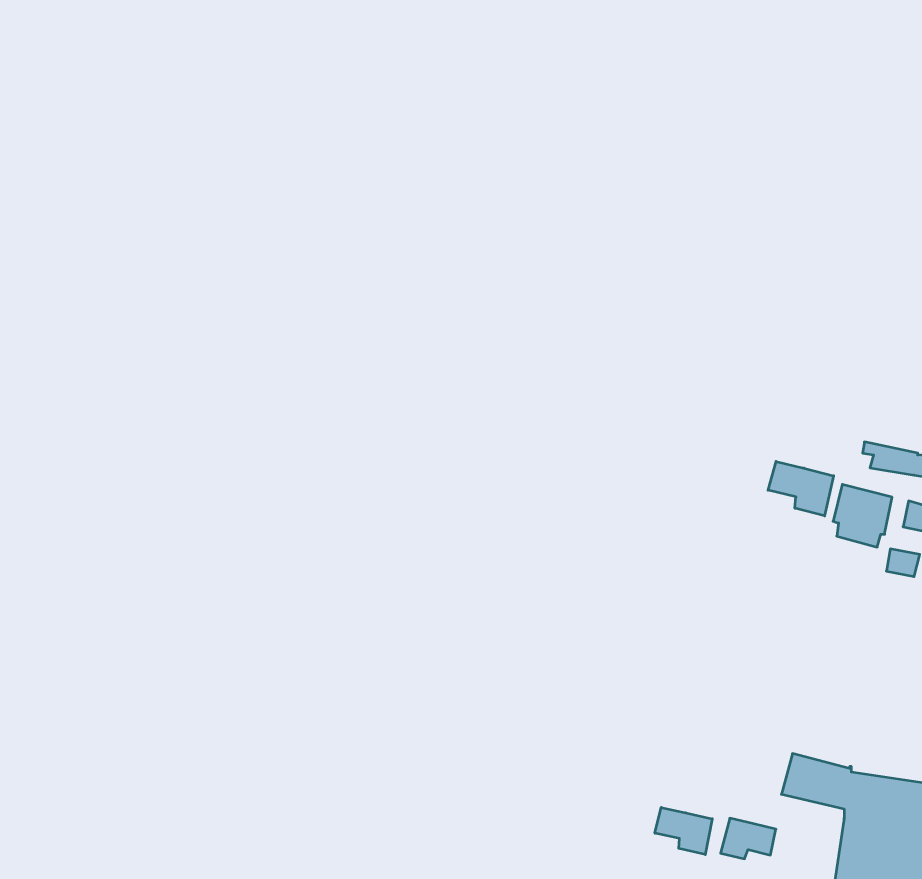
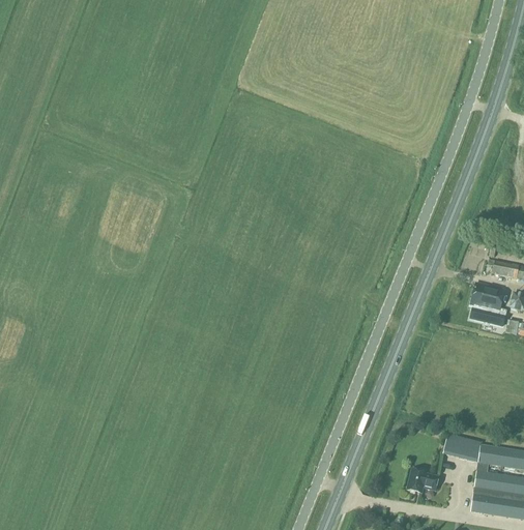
building: [768,461,834,516] -> none
building: [655,807,712,855] -> none

